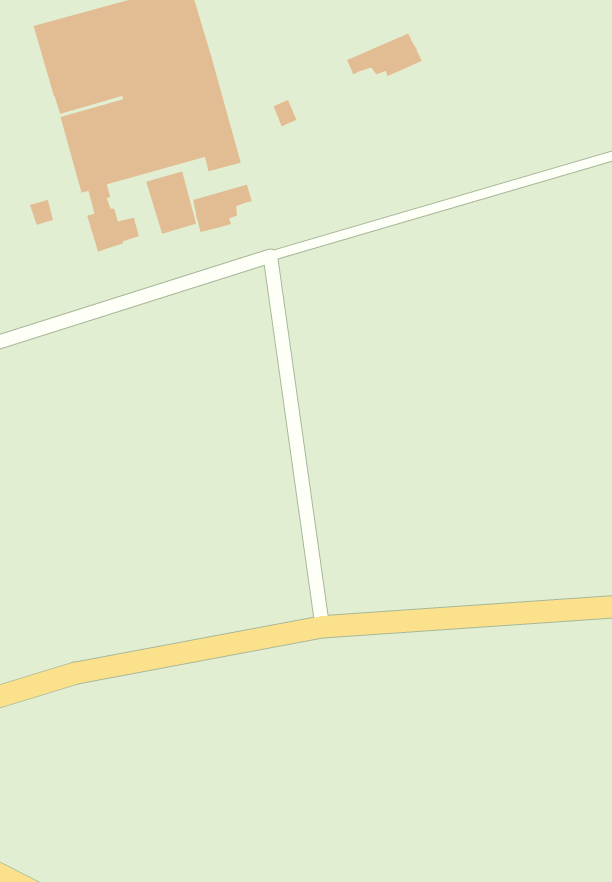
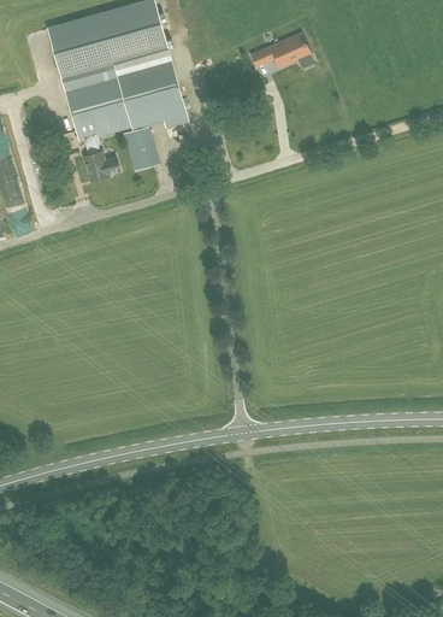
building: [192,183,253,233] -> none

